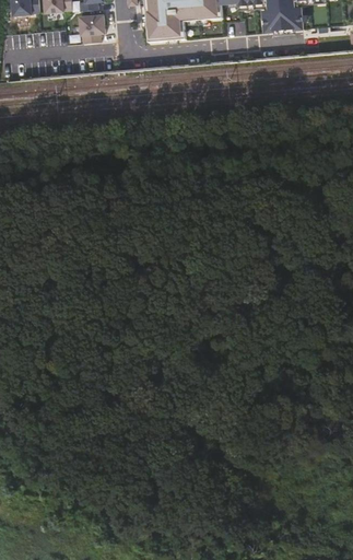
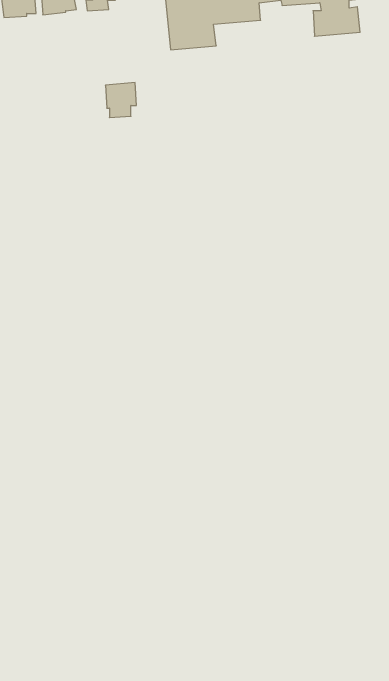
building: [79,13,104,42] -> [105,83,136,118]

